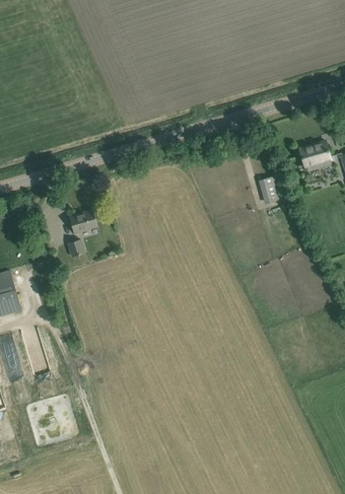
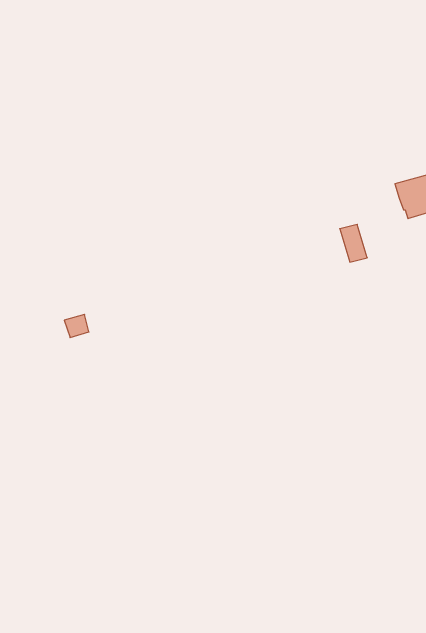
building: [70,209,97,233] -> none

